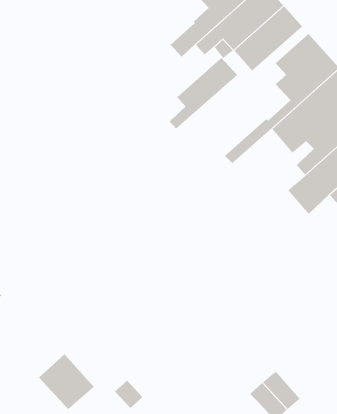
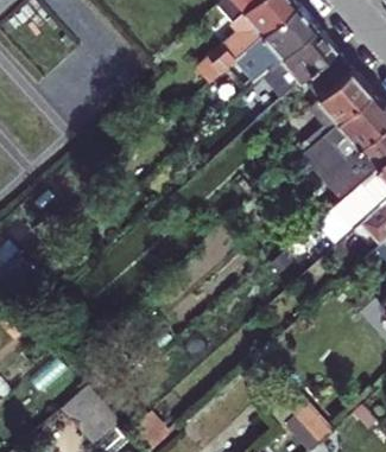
building: [169,57,238,130] -> none

